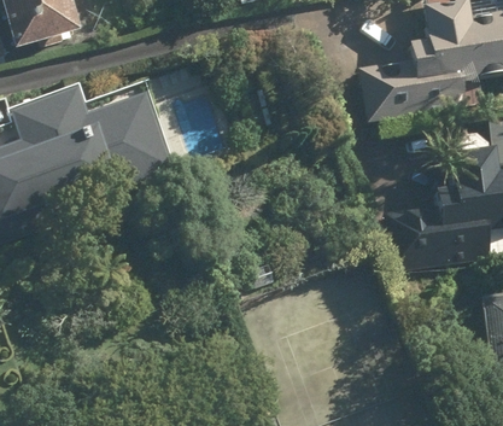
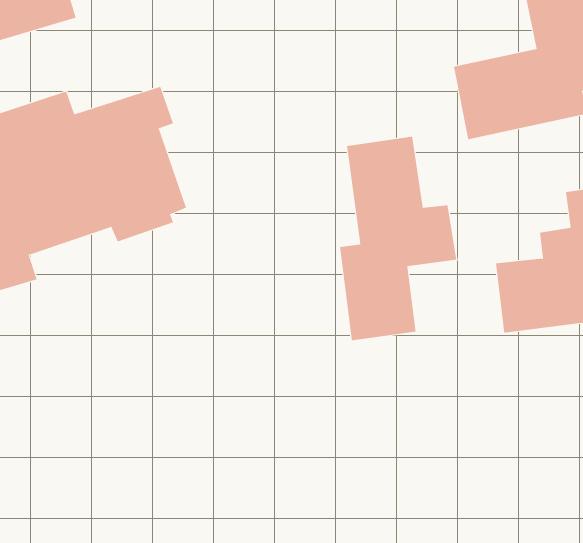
building: none -> [339,136,457,341]

